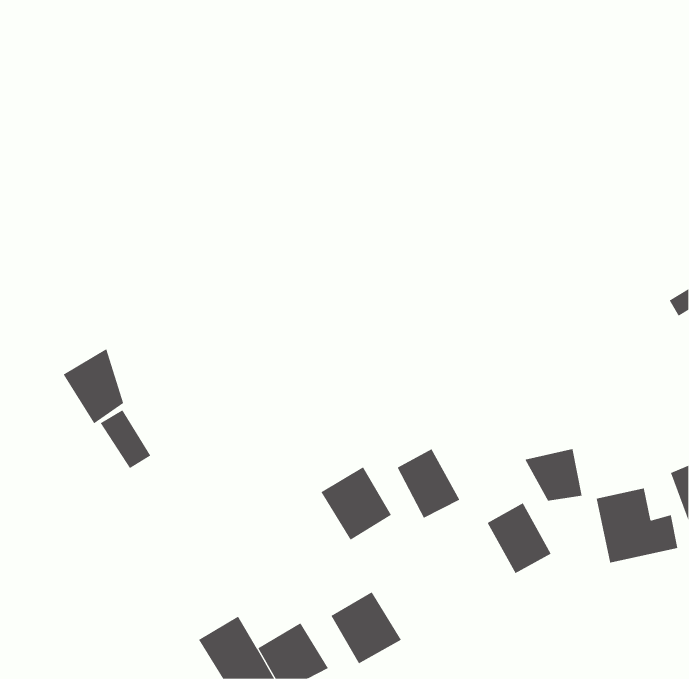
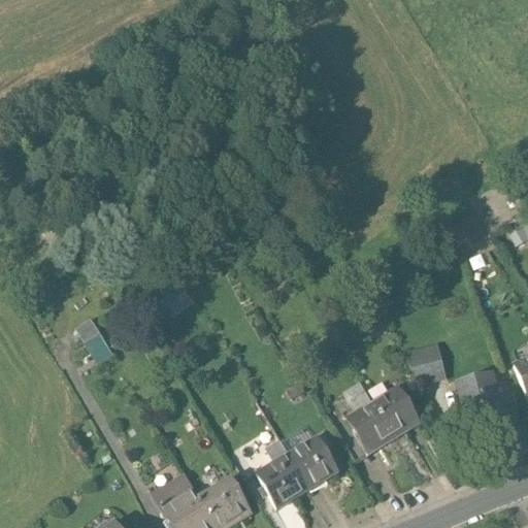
building: [63,348,124,424] -> none
building: [397,449,460,519] -> [345,400,394,454]
building: [320,466,392,541] -> [285,433,339,490]

